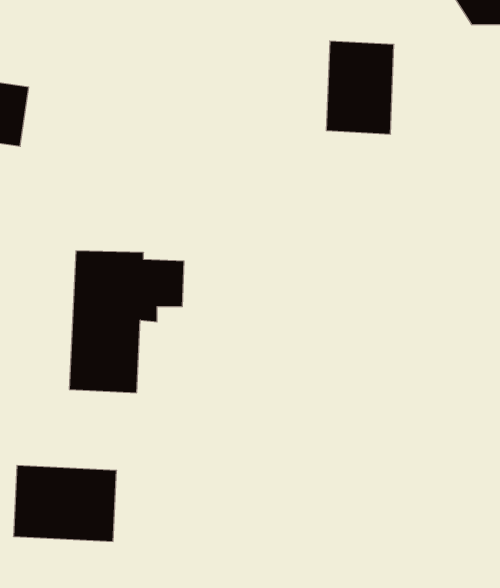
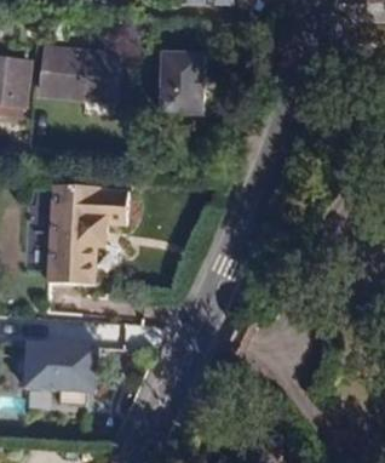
building: [326,41,394,134] -> [156,48,205,115]
building: none -> [46,55,121,99]

